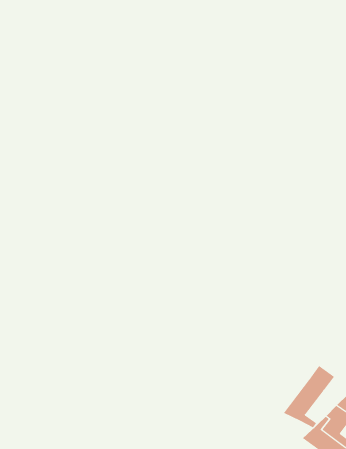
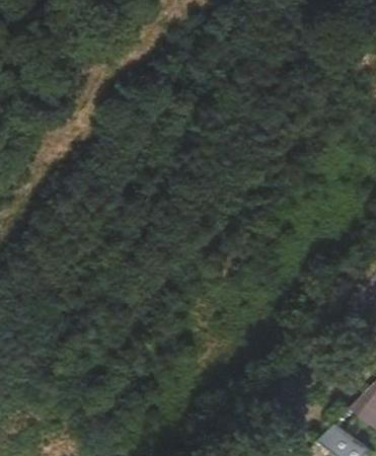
building: [283,365,335,428] -> none

